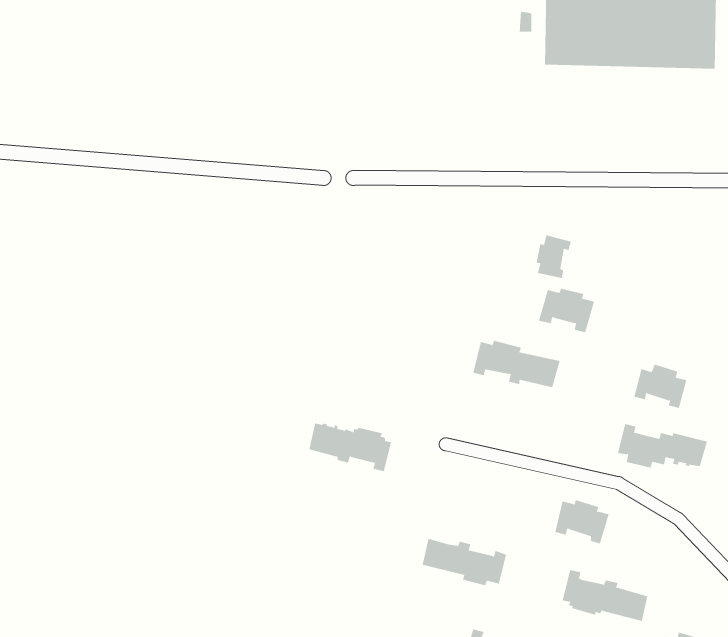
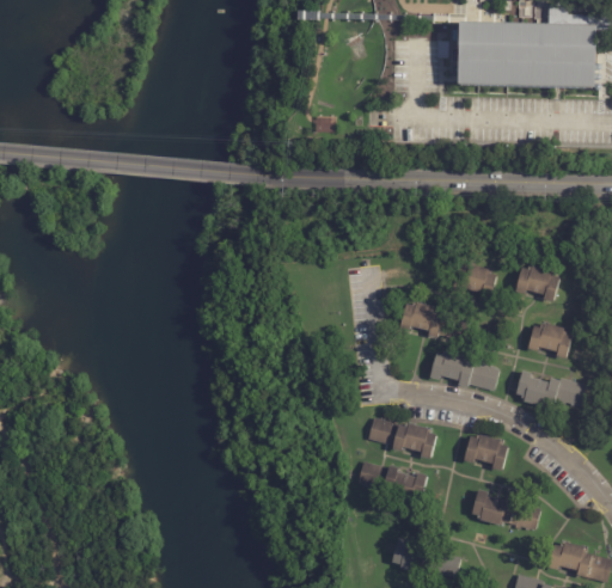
building: [536,234,571,279] -> none
building: none -> [514,264,558,300]
building: none -> [428,353,498,391]
building: [308,423,392,472] -> [368,419,435,459]

